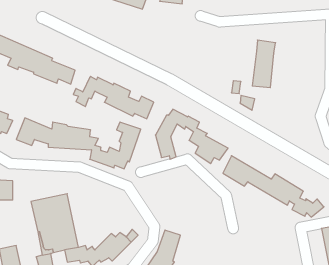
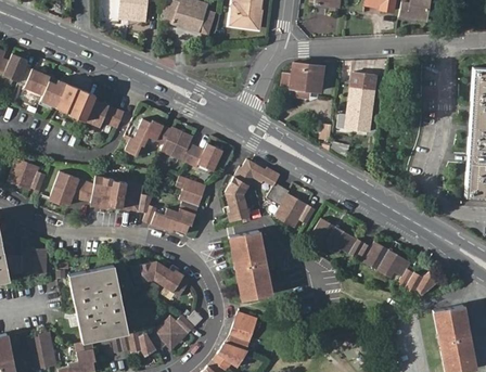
building: none -> [283,65,322,100]
building: none -> [229,231,272,302]
building: none -> [132,261,189,297]

